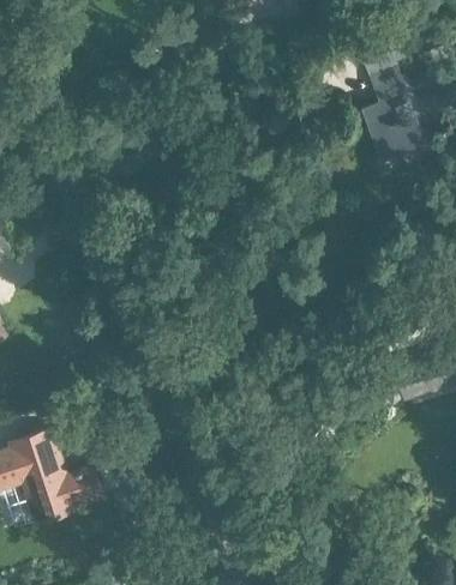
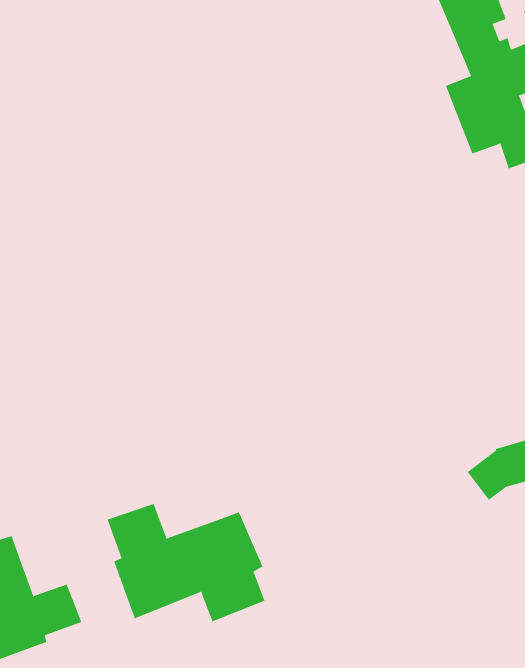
building: none -> [107,503,265,622]

